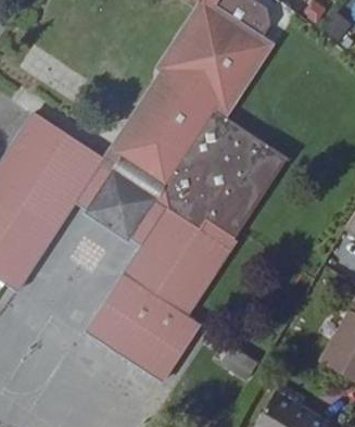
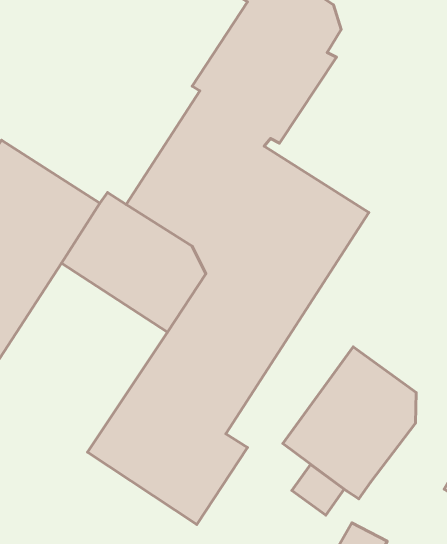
building: none -> [283,347,416,499]

